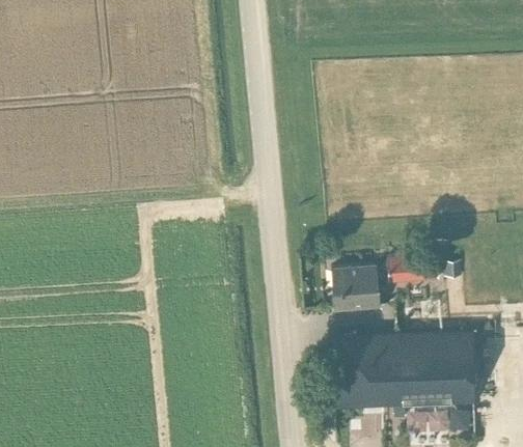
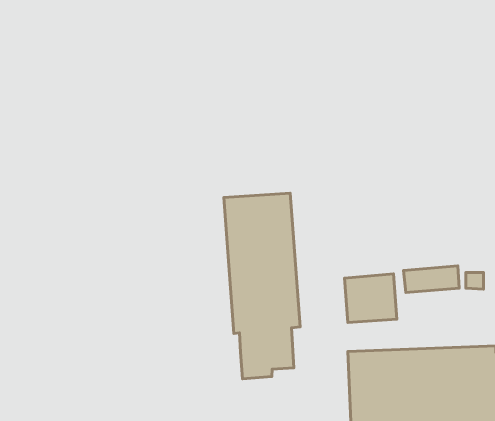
building: none -> [224,193,300,379]

